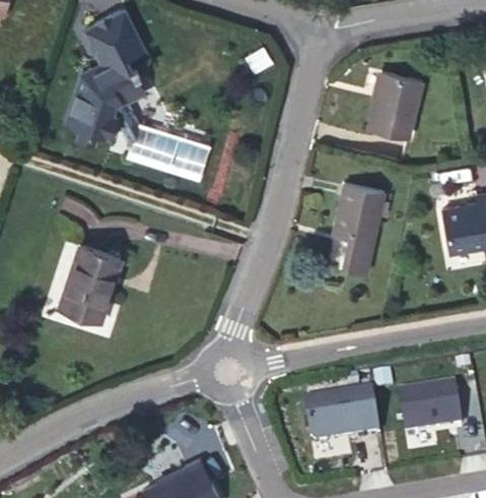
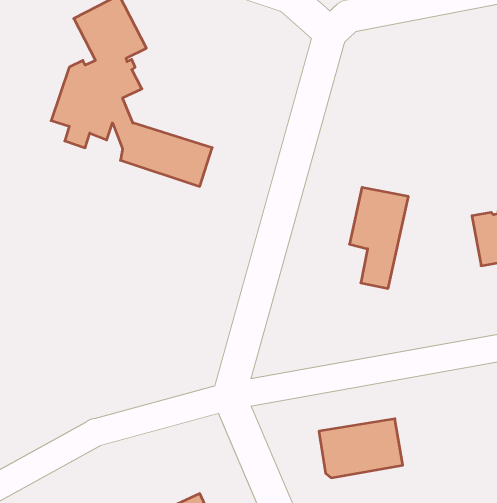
building: [367,71,422,137] -> none
building: [59,245,121,321] -> none
building: [399,381,460,431] -> none

